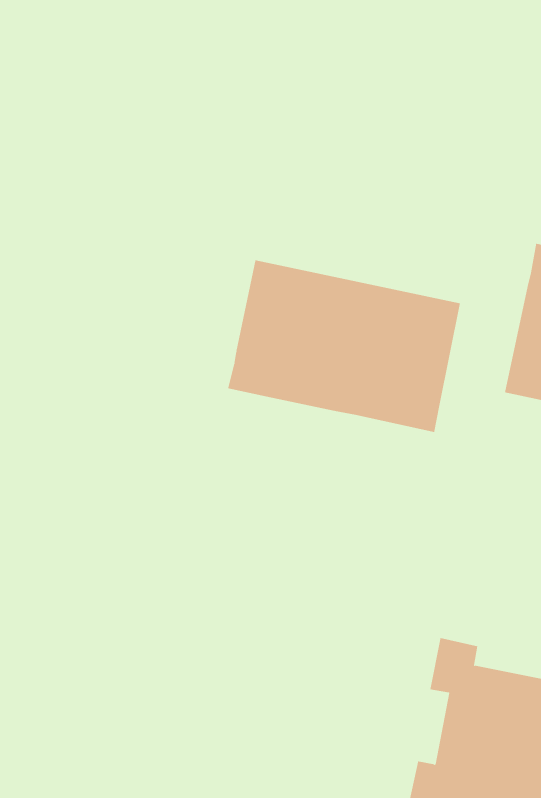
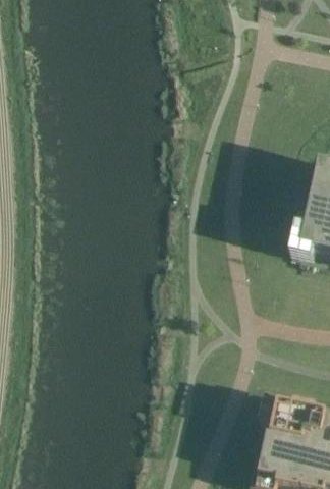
building: [228,260,461,433] -> none

